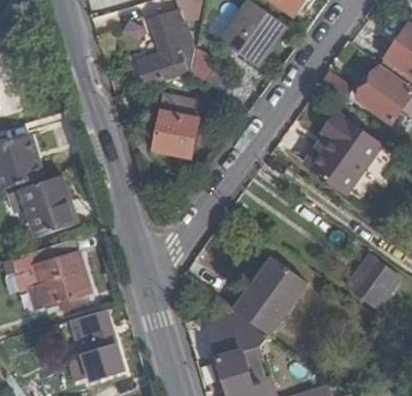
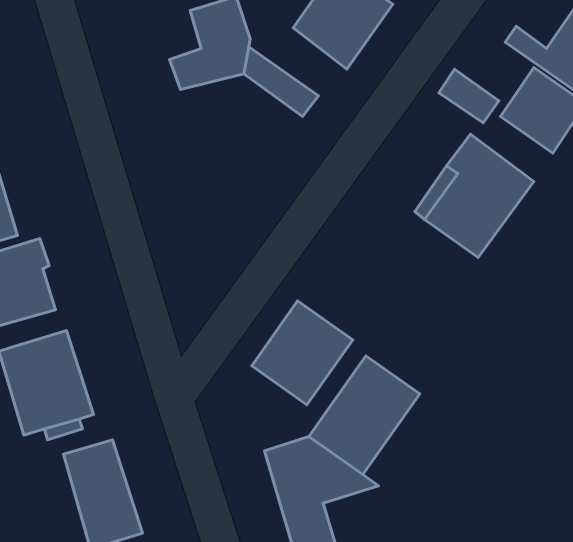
building: [154,96,201,154] -> none
building: none -> [252,301,353,405]
building: [347,257,399,308] -> none

